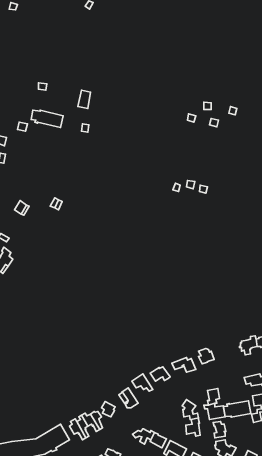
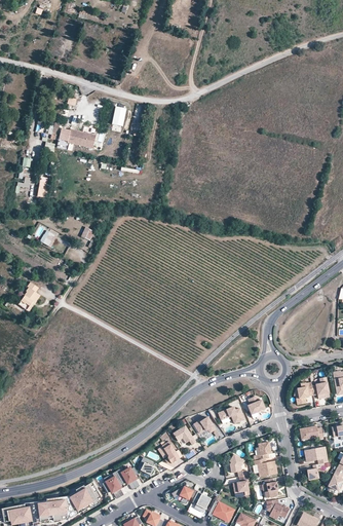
building: [224,401,251,417] -> none

